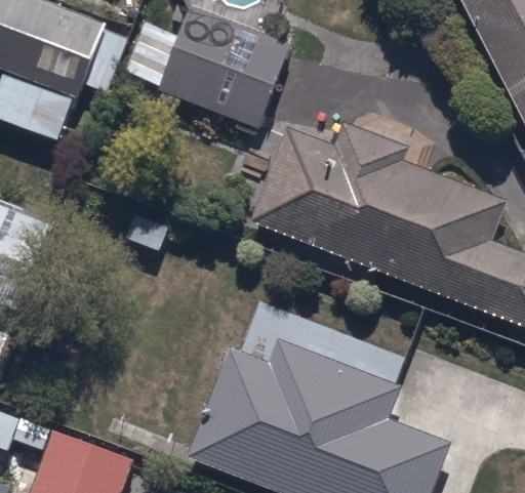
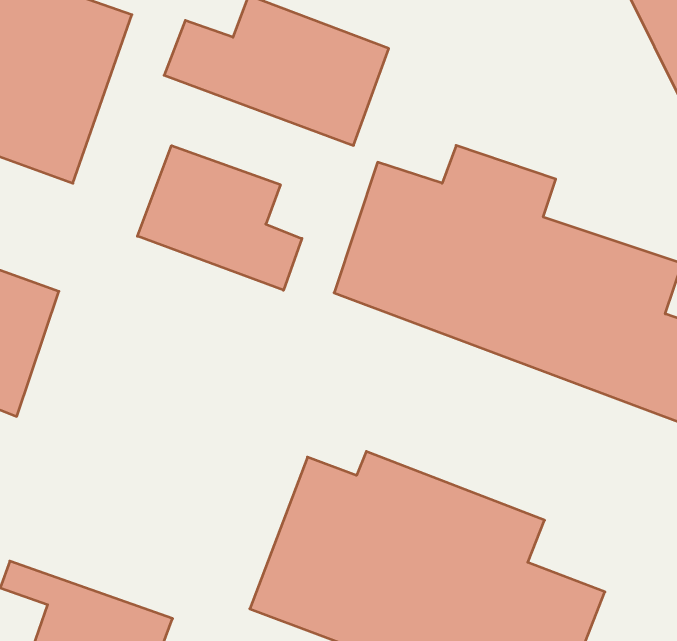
building: none -> [137,146,302,290]

